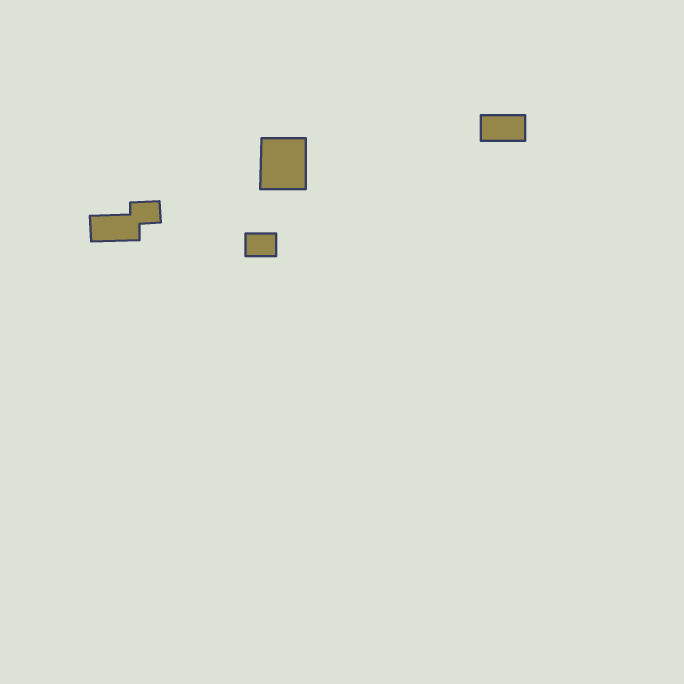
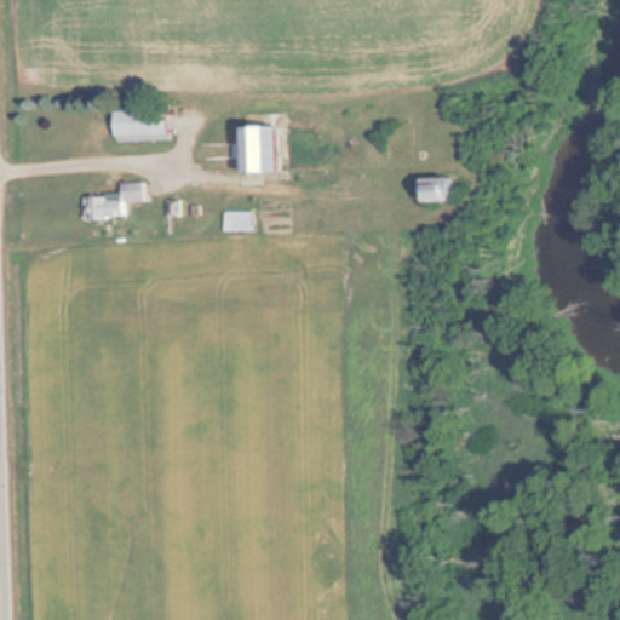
building: [481,115,525,141] -> [412,178,452,201]
building: none -> [110,109,163,140]

